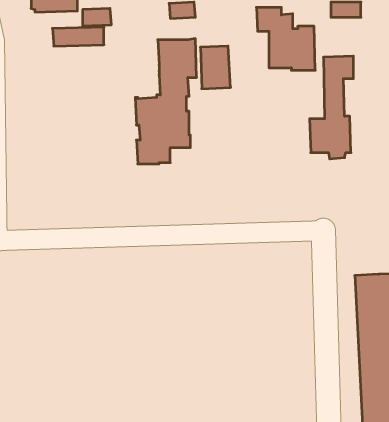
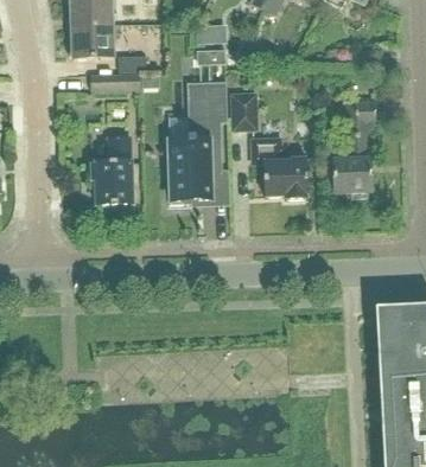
building: [256,7,315,70] -> [253,140,309,199]
building: none -> [93,139,133,205]

